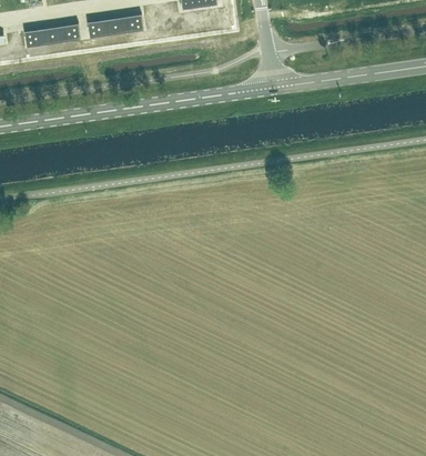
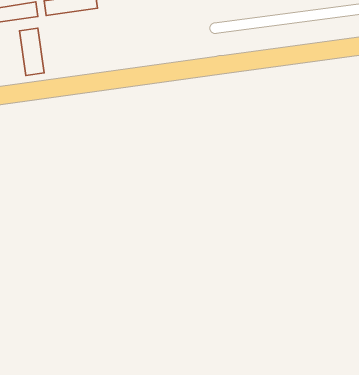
building: none -> [19,28,44,76]

